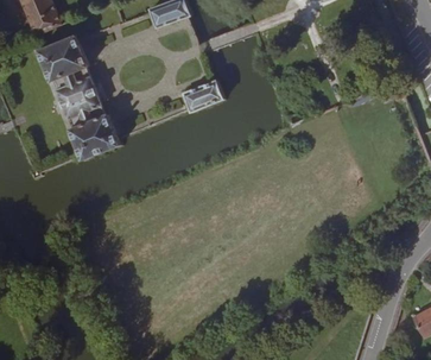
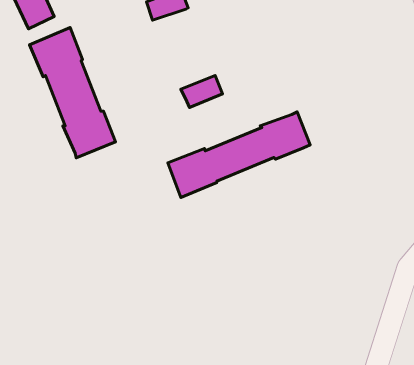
building: none -> [168,112,310,198]

